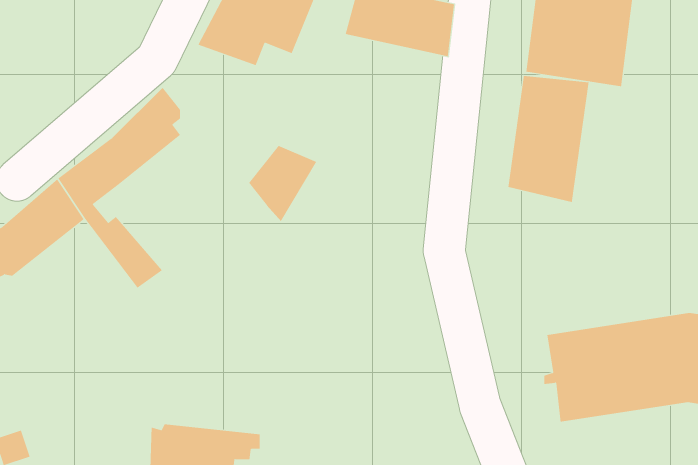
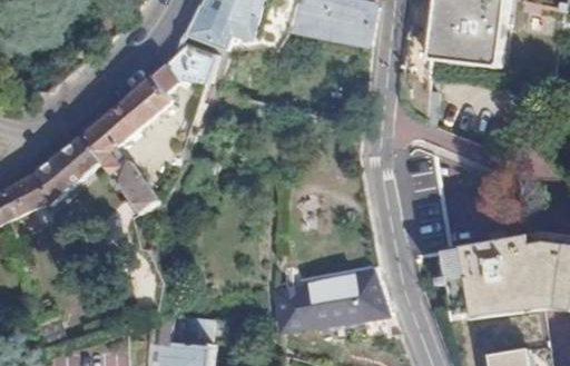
building: [508,75,589,203] -> none
building: [248,145,317,222] -> [158,38,209,95]
building: none -> [272,270,390,339]

